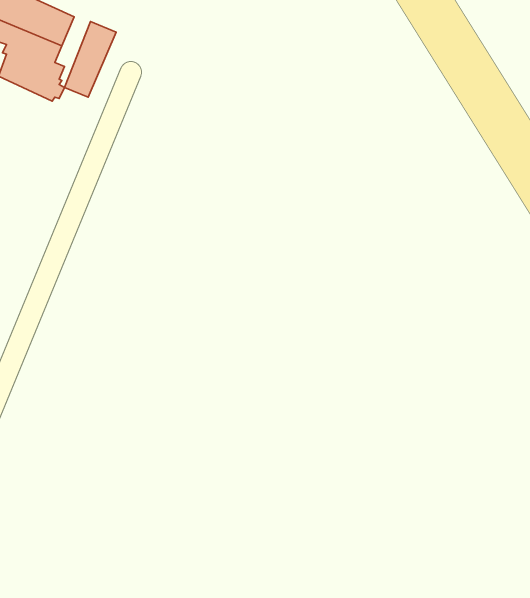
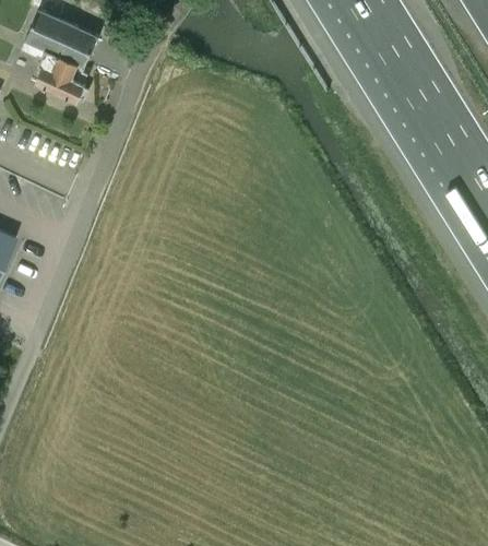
building: [65,21,116,97] -> none

